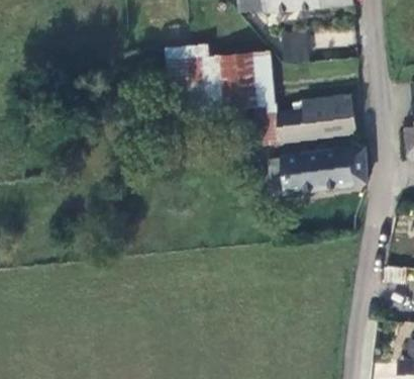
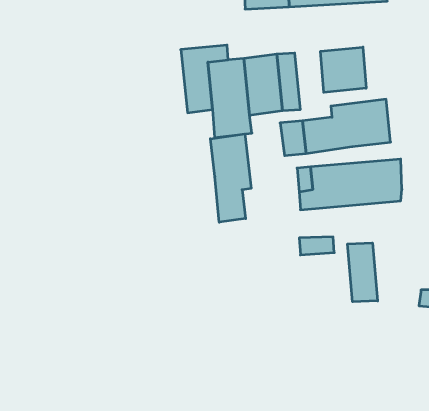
building: none -> [321,47,366,92]
building: none -> [210,134,251,222]
building: none -> [348,243,378,302]

